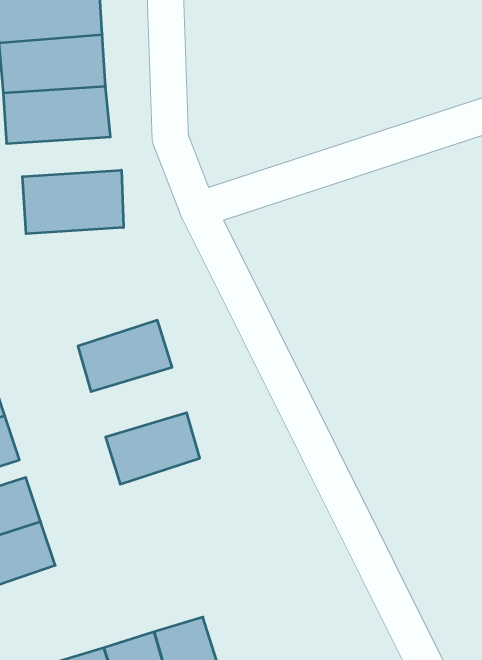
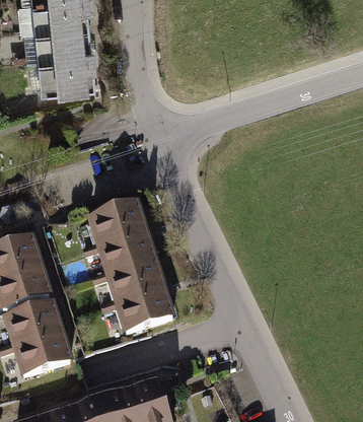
building: [22,170,123,234] -> none
building: none -> [92,231,152,275]
building: none -> [111,288,169,333]

